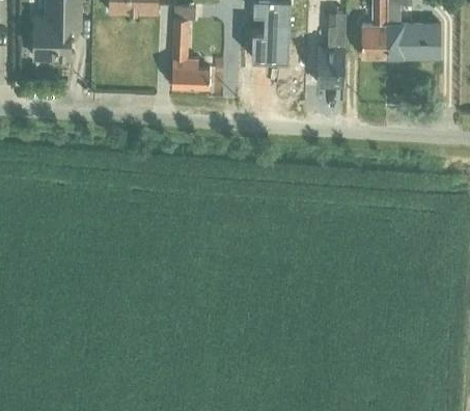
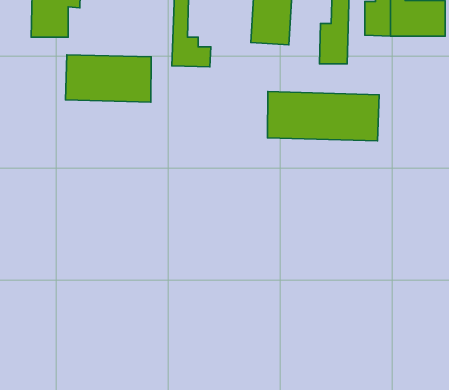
building: none -> [66,55,151,102]
building: none -> [268,91,379,141]

